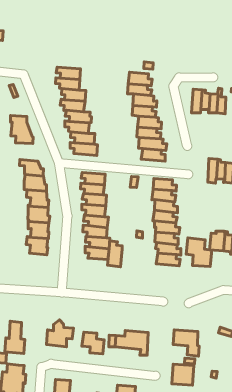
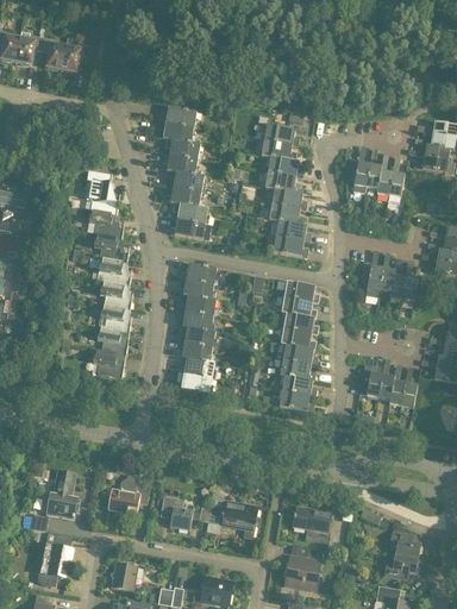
building: none -> [88,211,123,240]
building: [186,238,212,267] -> none
building: [107,241,122,267] -> none

